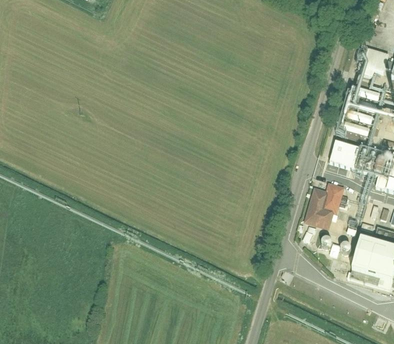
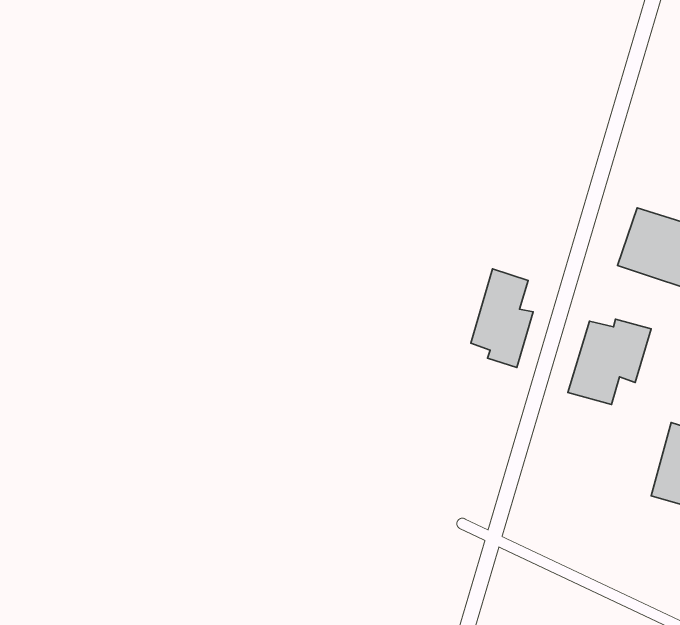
building: none -> [471,269,533,368]

